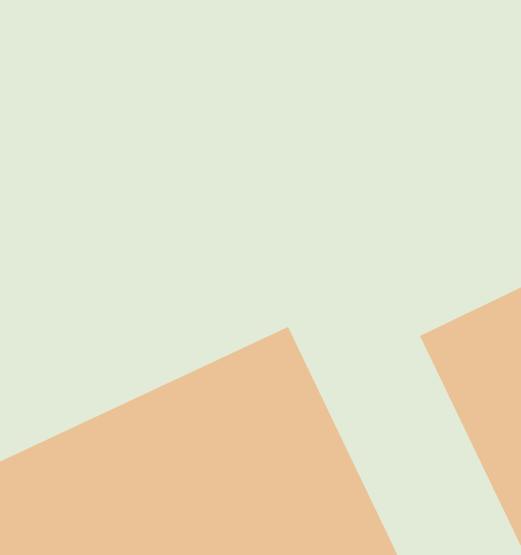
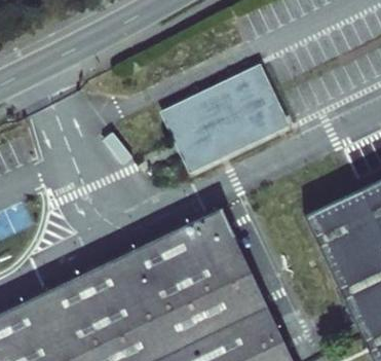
building: none -> [162,67,288,171]

